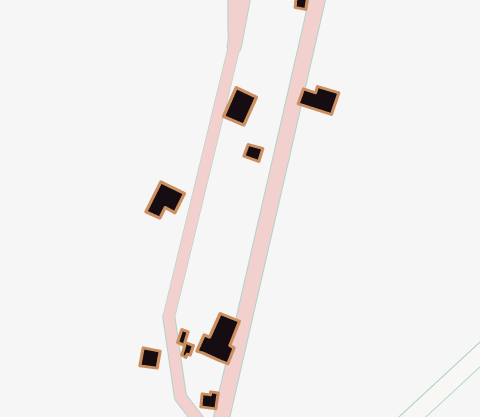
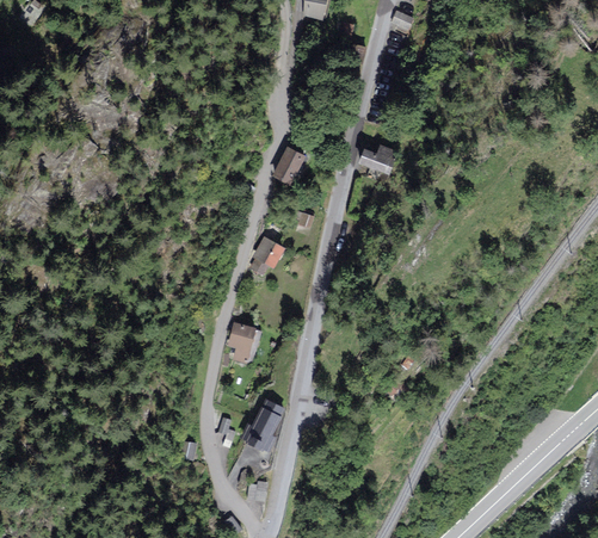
building: [146,182,184,218] -> [242,235,285,276]
building: none -> [228,317,263,363]

